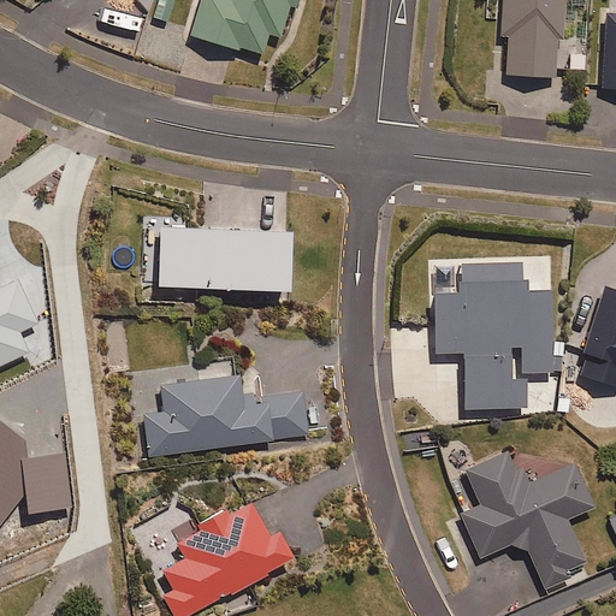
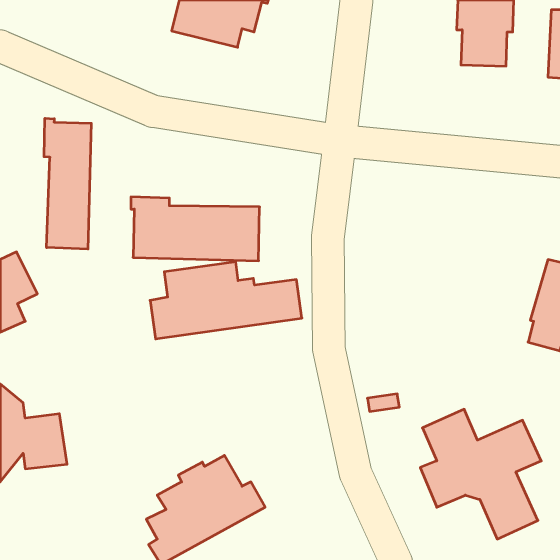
building: none -> [44,118,91,249]
building: [433,261,552,409] -> none
building: [143,373,309,457] -> [150,262,302,339]

